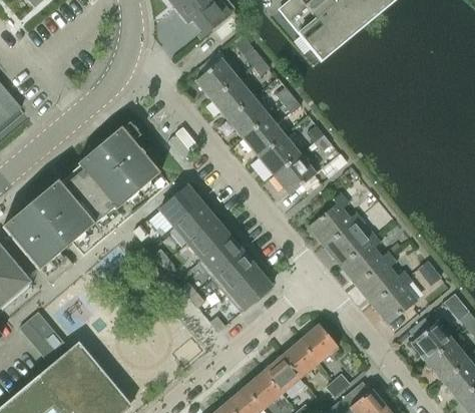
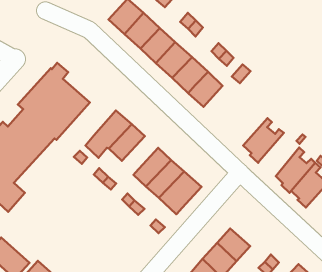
building: [308,193,360,248] -> none
building: [187,220,230,260] -> none
building: [344,238,391,287] -> none
building: [300,323,337,361] -> none

